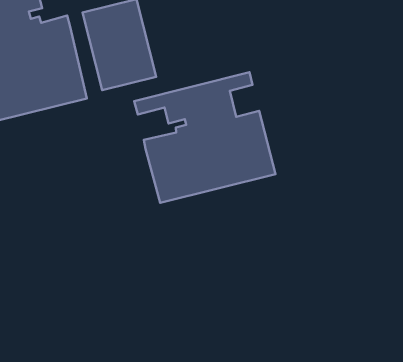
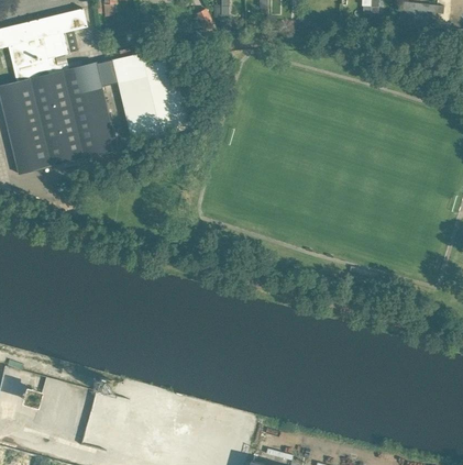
building: [134,72,275,203] -> none

